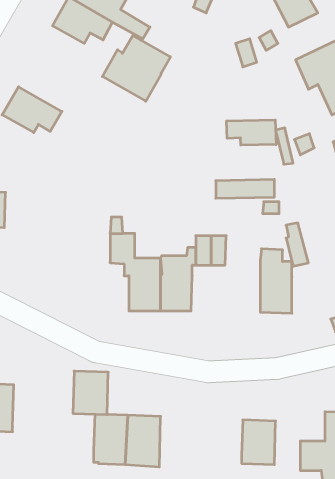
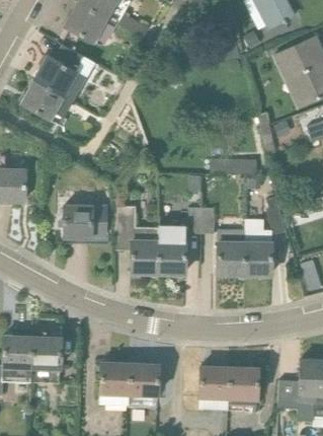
building: [102,36,170,101] -> [35,44,94,100]
building: [227,120,276,145] -> none
building: none -> [63,204,105,237]
building: none -> [217,229,244,274]
building: [73,371,108,415] -> [30,337,61,374]
building: none -> [199,366,229,405]

